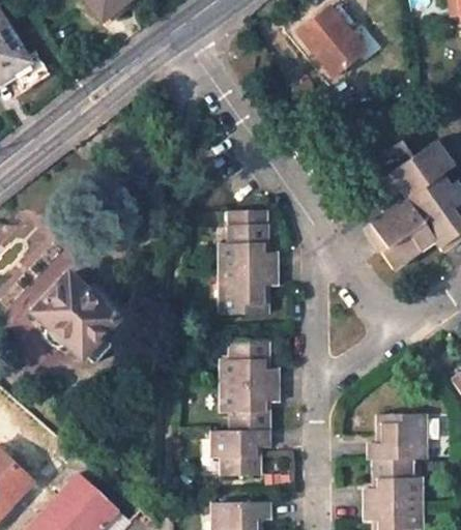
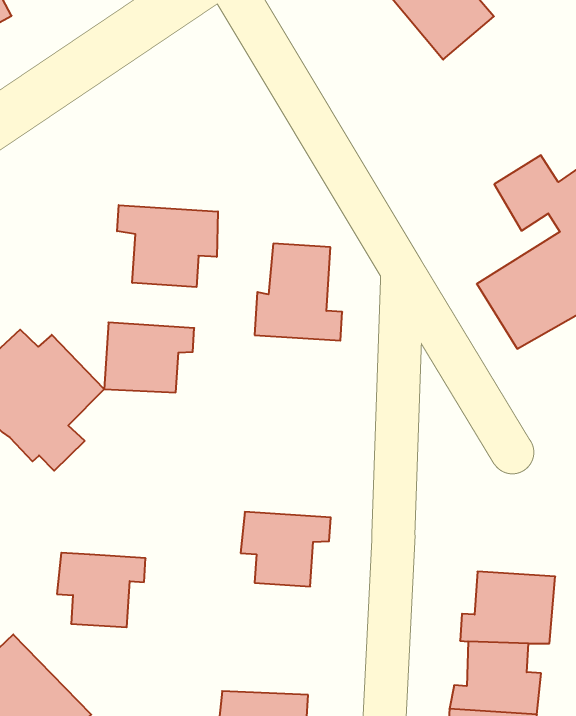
building: none -> [117,205,218,287]
building: [221,270,277,314] -> [104,322,194,392]
building: [222,340,279,385] -> none
building: [211,431,267,476] -> [57,553,146,627]

